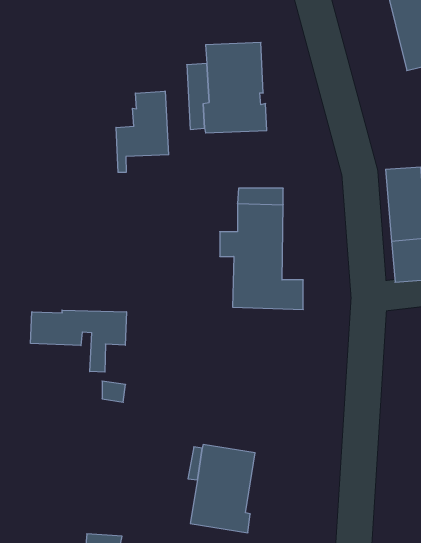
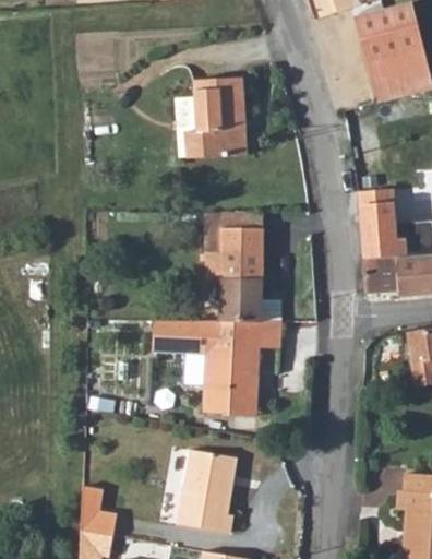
building: [116,91,169,172] -> none
building: none -> [152,319,283,415]
building: [31,310,126,372] -> none
building: none -> [82,487,116,534]

